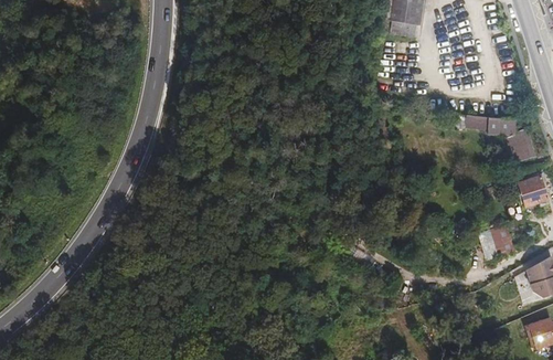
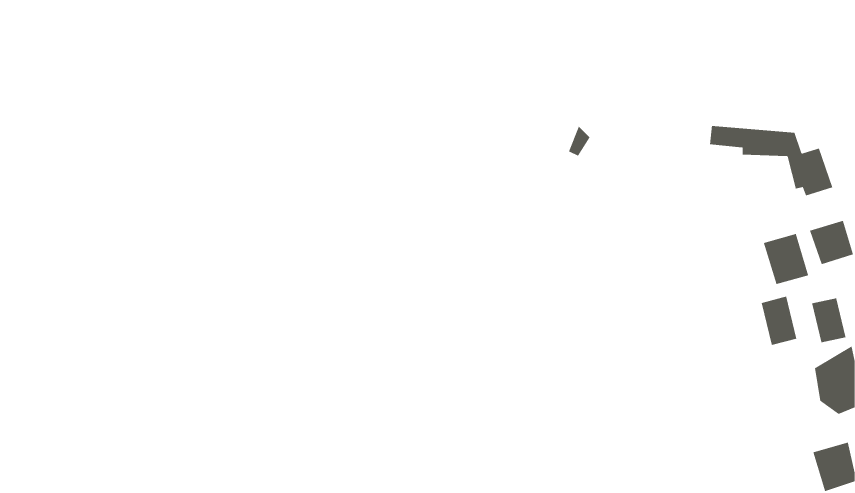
building: none -> [763,233,809,285]
building: none -> [812,298,846,343]

